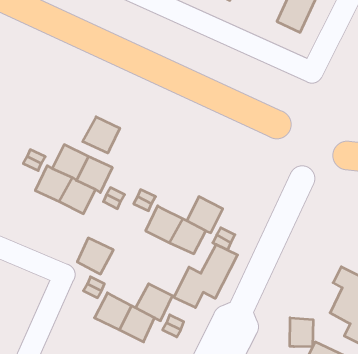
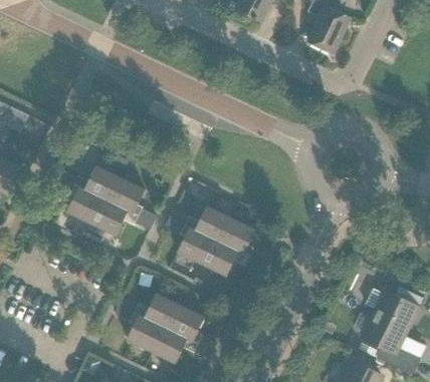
building: [83,117,120,153] -> none
building: none -> [195,206,231,242]
building: [77,238,113,274] -> [145,293,181,329]
building: [174,244,238,308] -> none
building: [290,318,313,347] -> none

